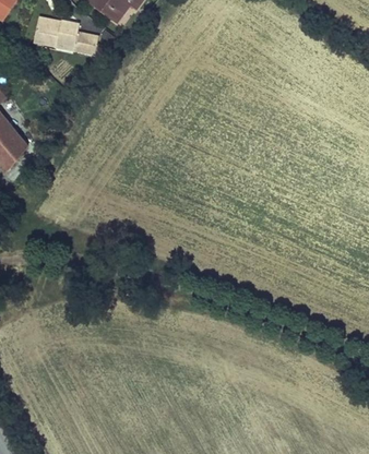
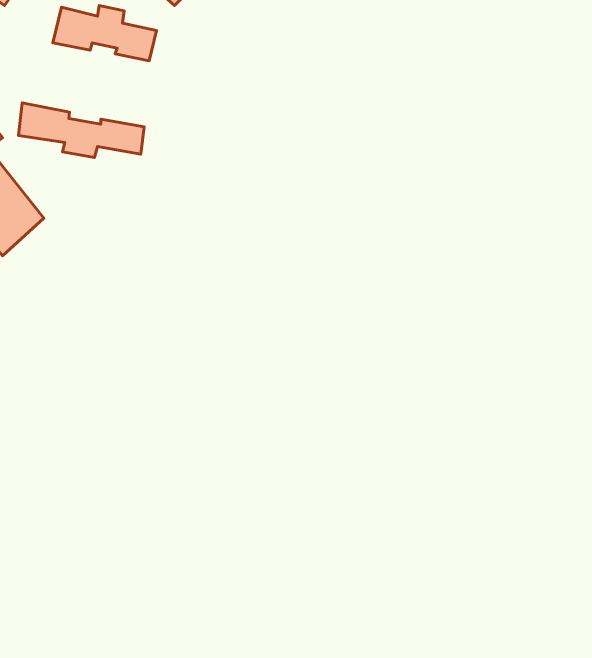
building: none -> [19,103,144,157]

